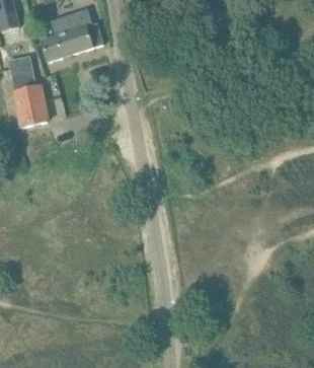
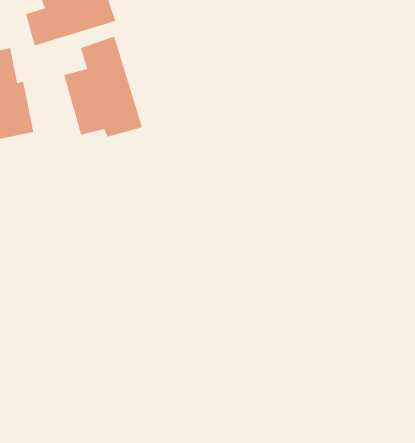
building: none -> [64,36,142,137]

